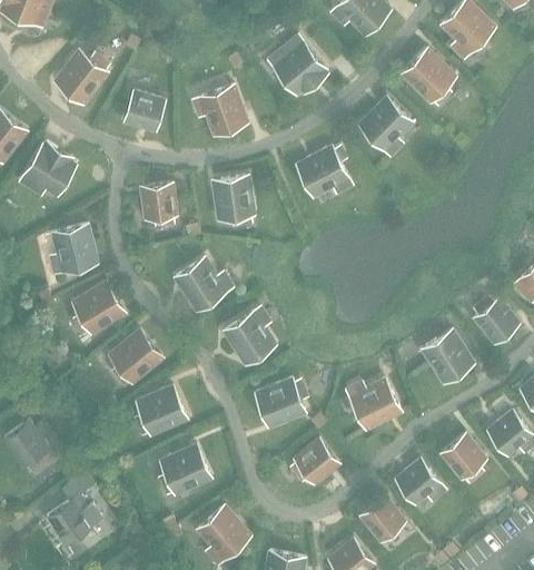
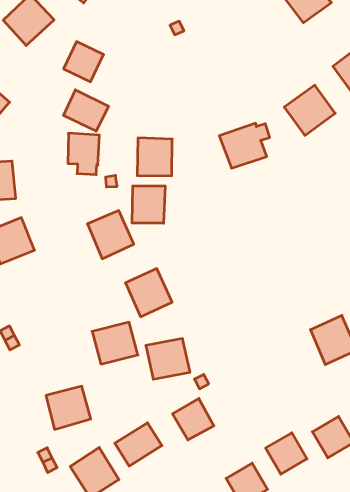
building: [273,37,326,95] -> none
building: [199,87,247,136] -> none
building: none -> [64,90,108,131]
building: none -> [132,186,165,223]
building: [109,331,162,383] -> none
building: [349,381,400,430] -> none
building: [136,387,187,435] -> [92,322,138,364]
building: none -> [115,423,162,466]

